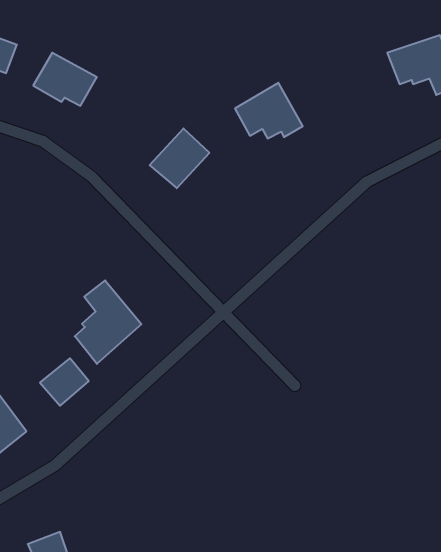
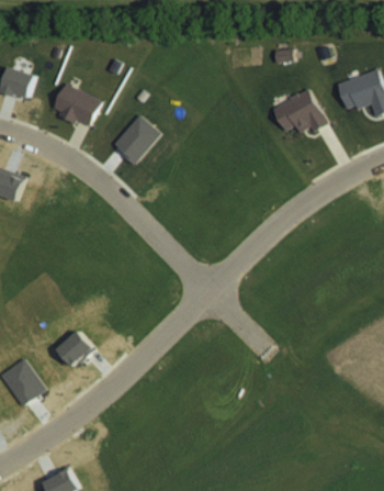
building: [235,83,303,138] -> [272,88,327,133]
building: [150,128,209,188] -> [111,115,159,164]
building: [75,280,141,364] -> none

